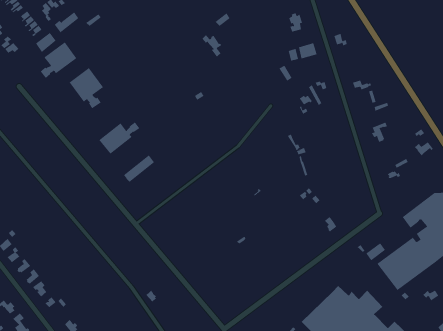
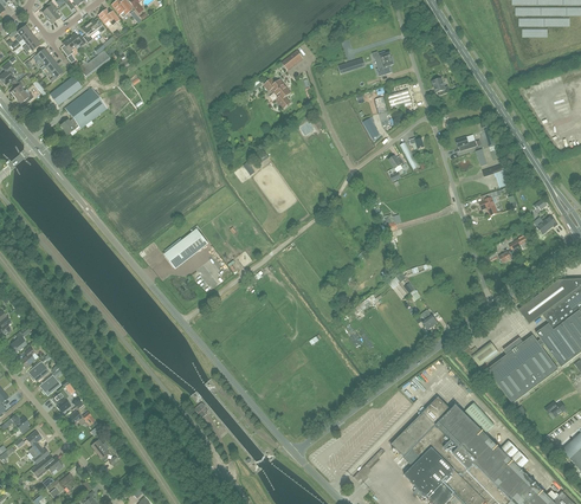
building: [69,67,104,109] -> none
building: [98,122,140,155] -> none

